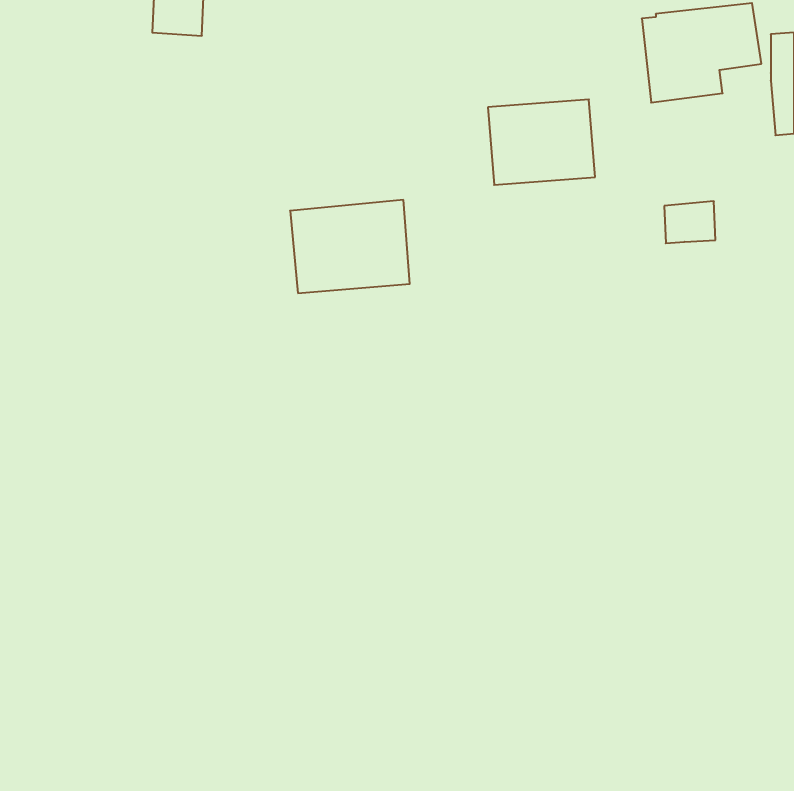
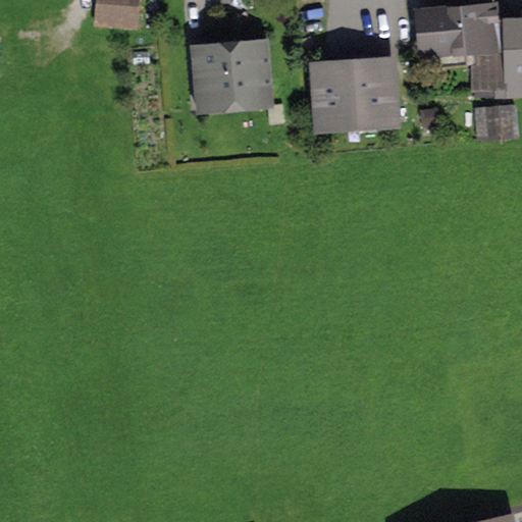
building: none -> [484,53,509,95]
building: [290,200,410,293] -> [193,40,271,101]
building: [664,201,715,243] -> [477,105,511,133]

